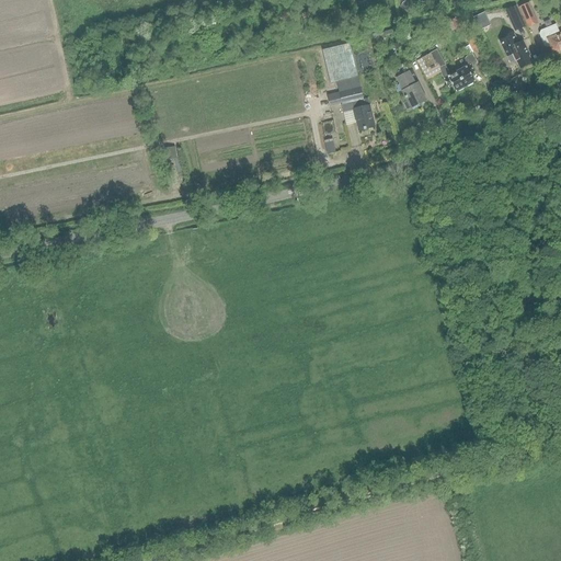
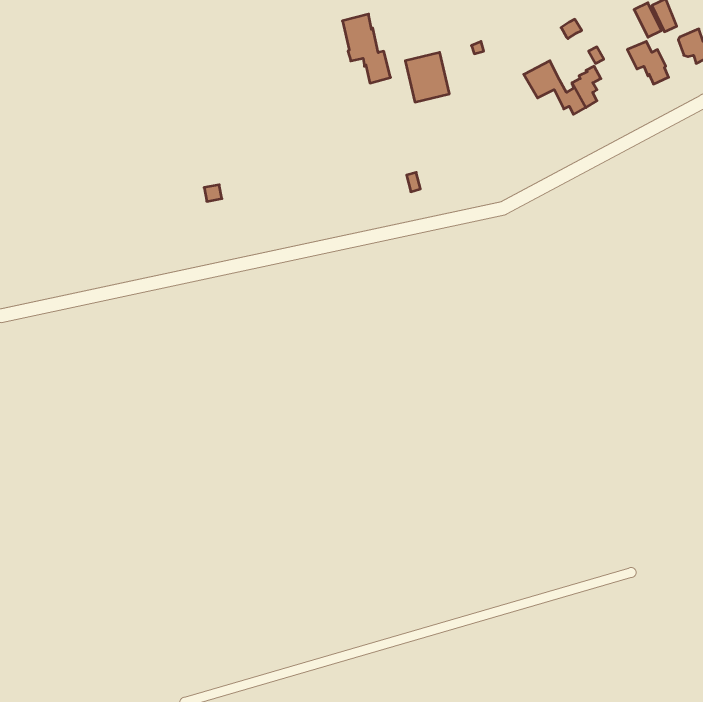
building: [392,62,426,108] -> none
building: [337,75,376,129] -> [342,14,391,83]

